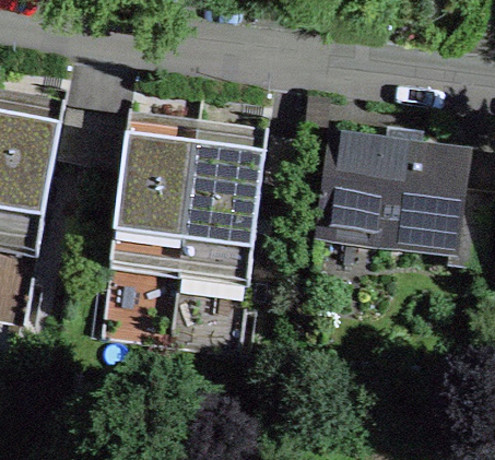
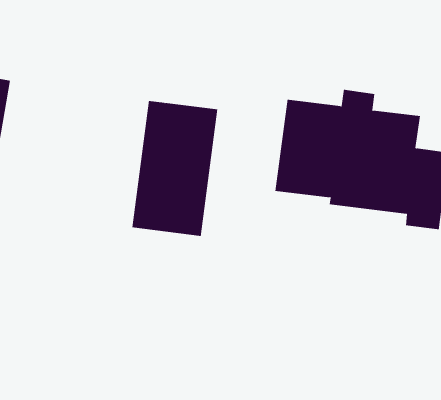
building: [110,131,197,267] -> none

